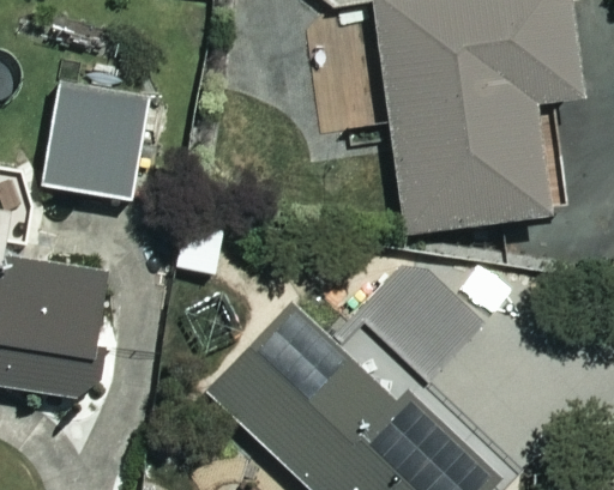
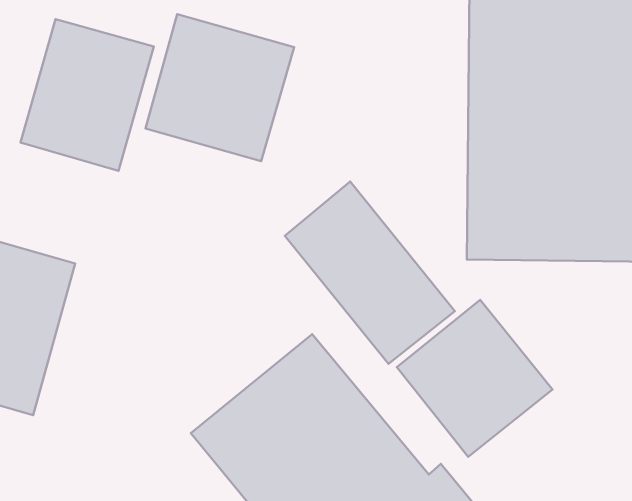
building: none -> [146,14,294,161]
building: none -> [285,182,455,364]

